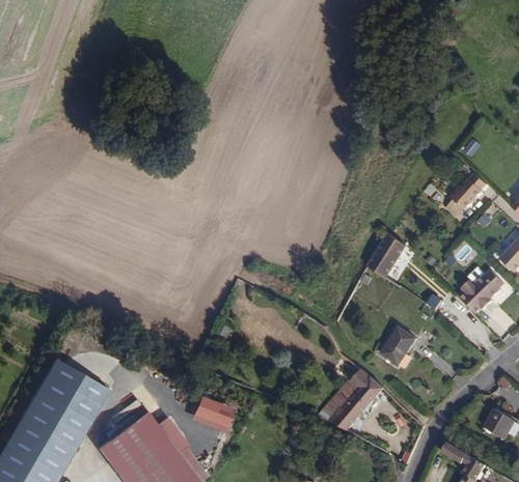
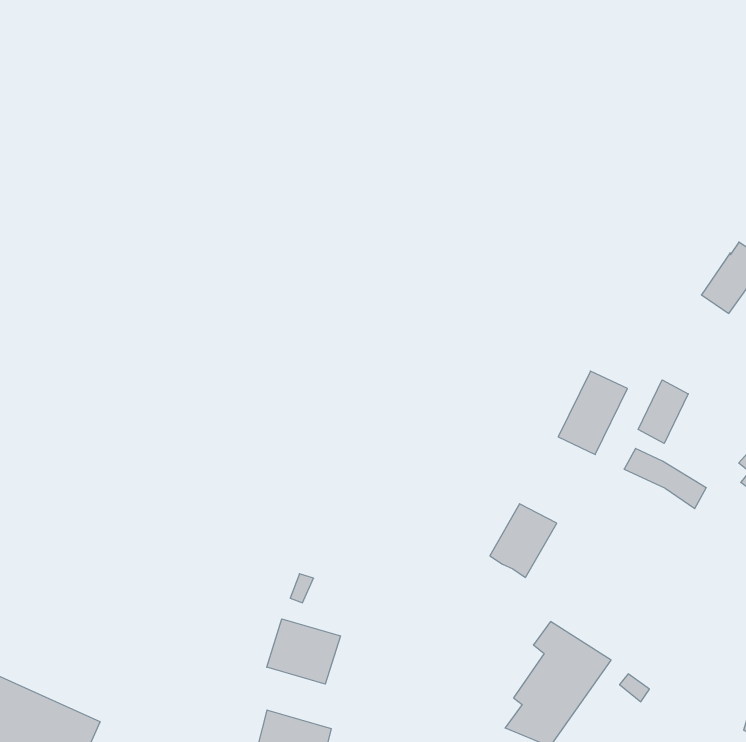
building: none -> [638,380,688,443]
building: [380,327,417,366] -> [490,504,557,577]
building: none -> [267,619,340,684]

